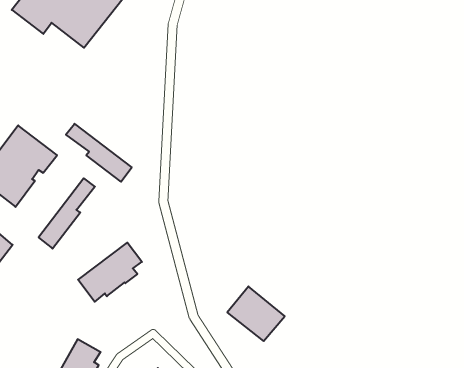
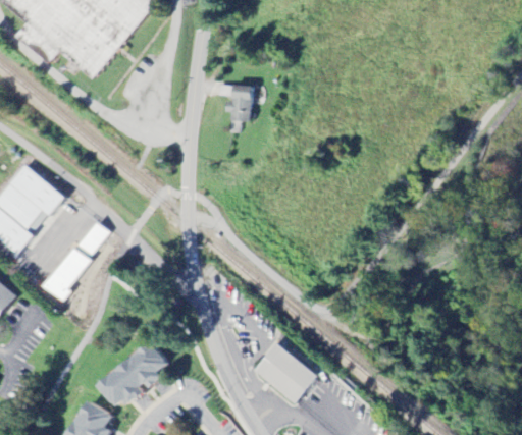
building: none -> [220,85,249,122]
building: [66,124,132,182] -> none
building: [78,243,142,302] -> [97,341,167,406]

